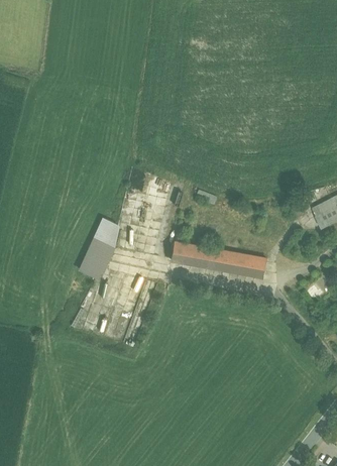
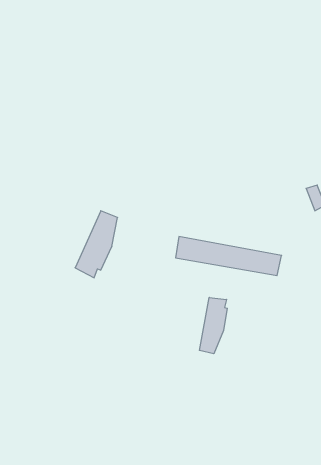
building: none -> [199,297,227,354]

